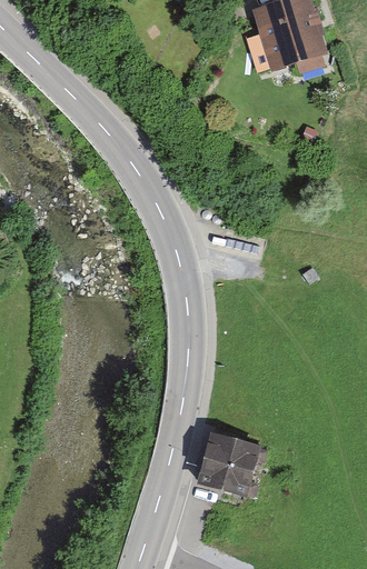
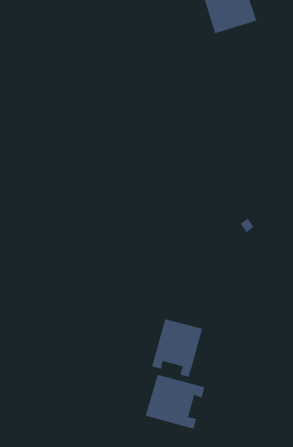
building: none -> [152,318,203,377]

